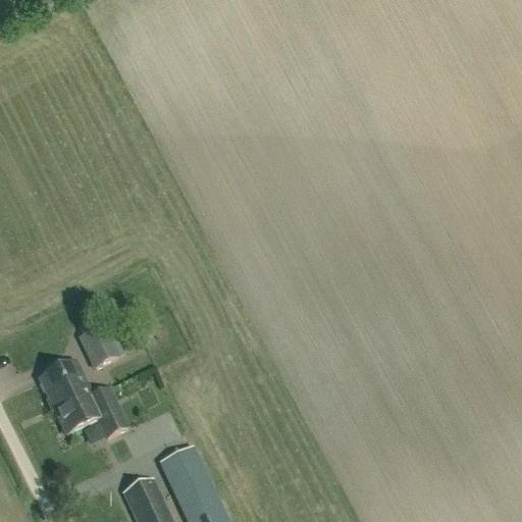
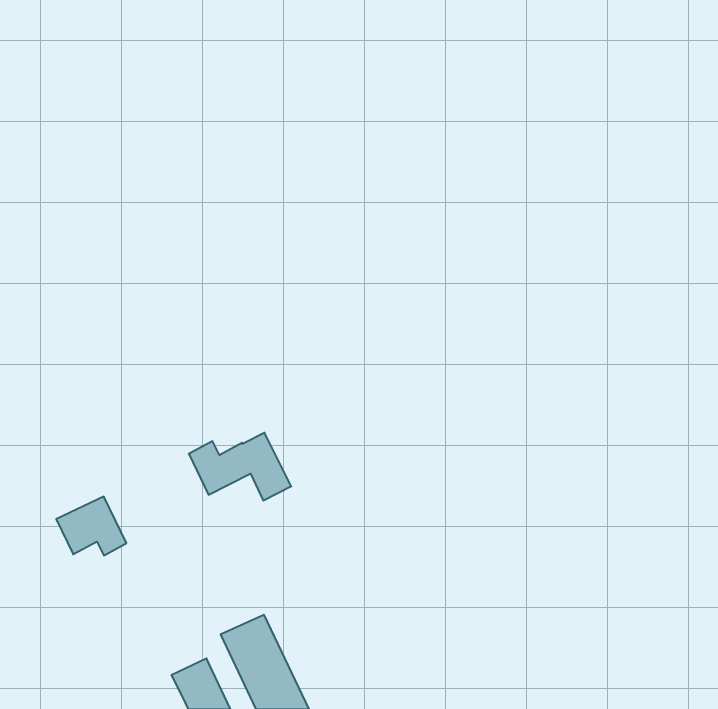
building: [81,325,117,365] -> none
building: [53,386,127,435] -> [189,433,291,500]

